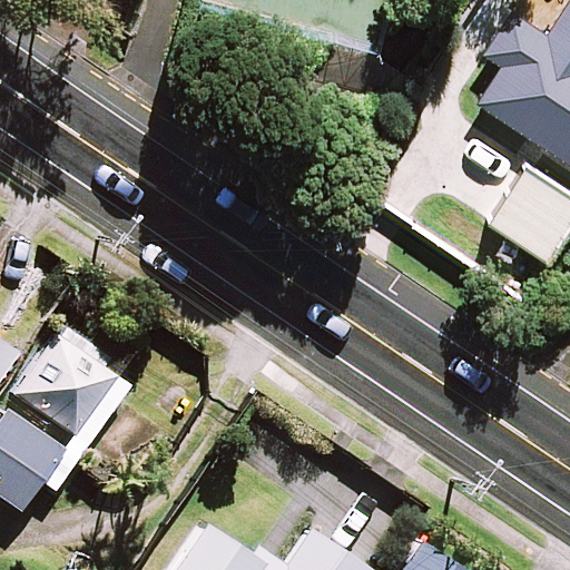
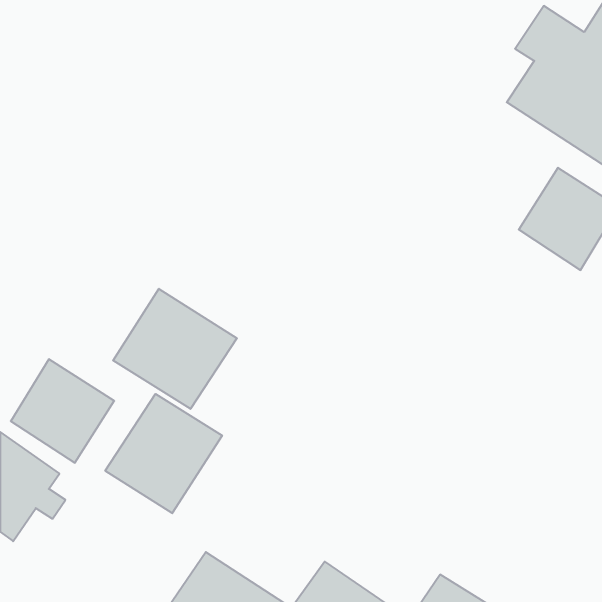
building: none -> [113,289,237,409]
building: none -> [105,394,222,513]

